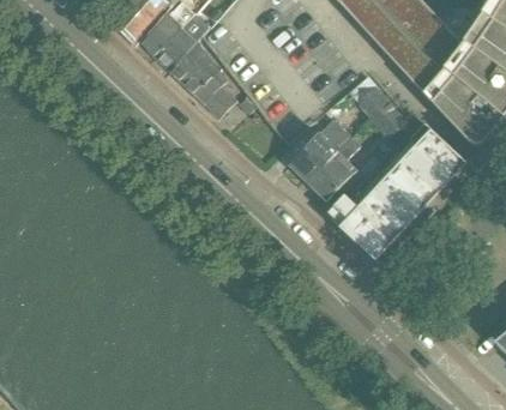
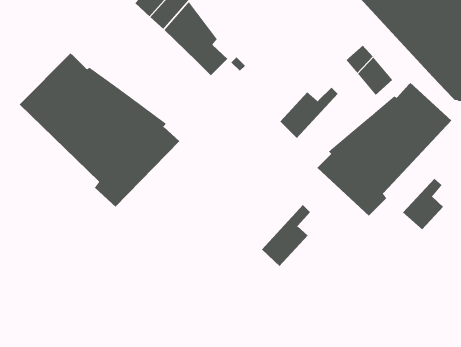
building: none -> [19,52,180,207]
building: [308,135,360,200] -> [261,204,311,267]
building: none -> [402,178,444,230]

